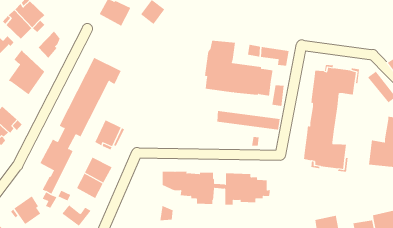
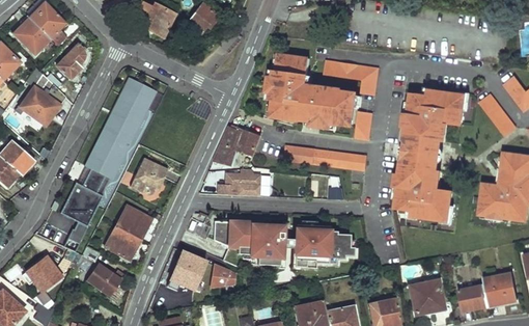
building: none -> [213,127,259,166]
building: none -> [217,170,258,196]
building: none -> [167,252,205,292]

